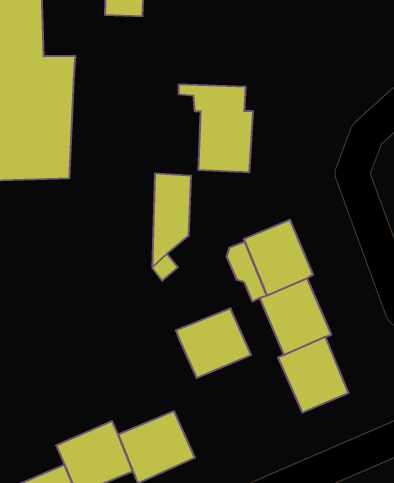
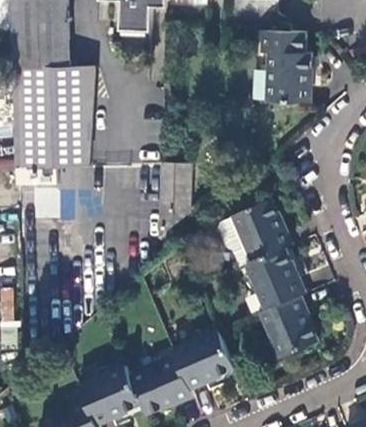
building: [179,84,253,172] -> [250,32,311,104]
building: [176,308,251,378] -> [173,330,235,387]

